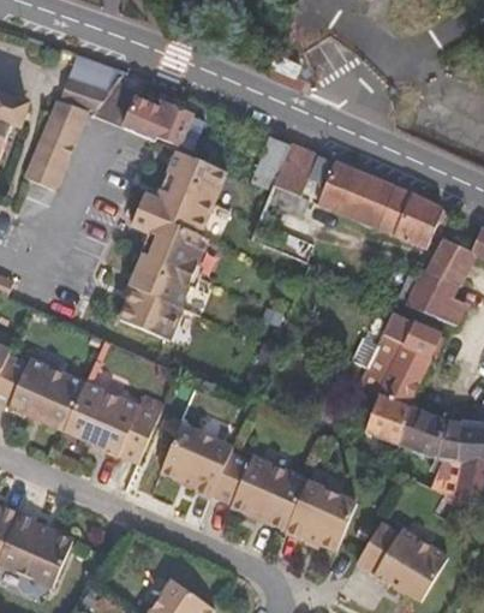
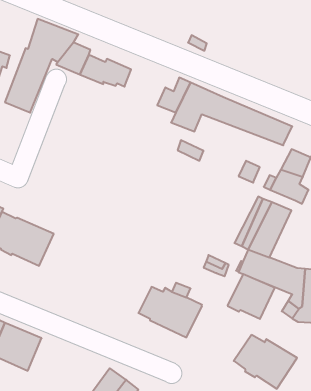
building: [131,159,233,345] -> none
building: [67,373,165,453] -> none
building: [162,421,235,492] -> none
building: [285,480,354,546] -> [228,274,275,319]

